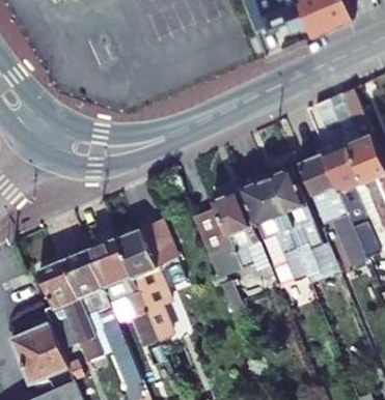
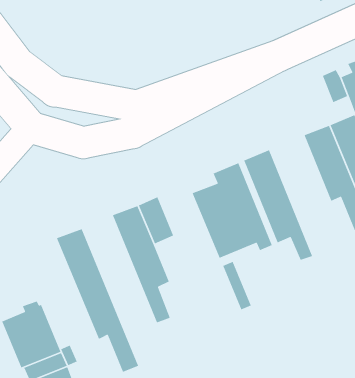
building: [266,165,339,283] -> none
building: [88,236,159,345] -> none
building: [38,258,104,361] -> none

